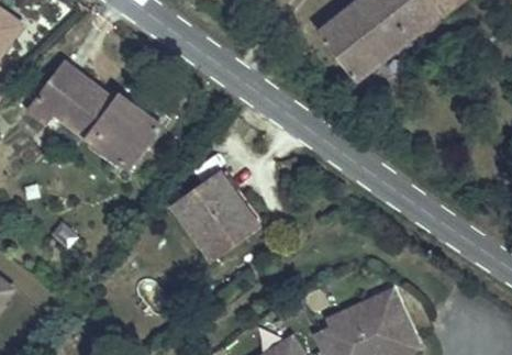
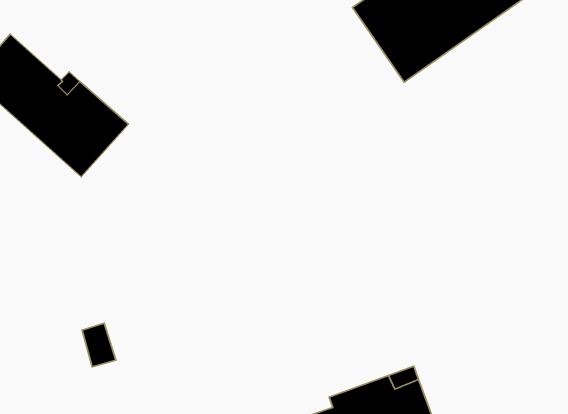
building: [168,174,261,268] -> none

